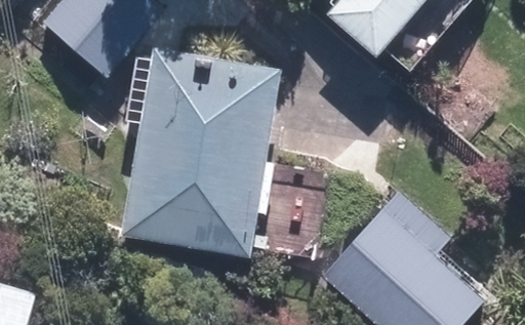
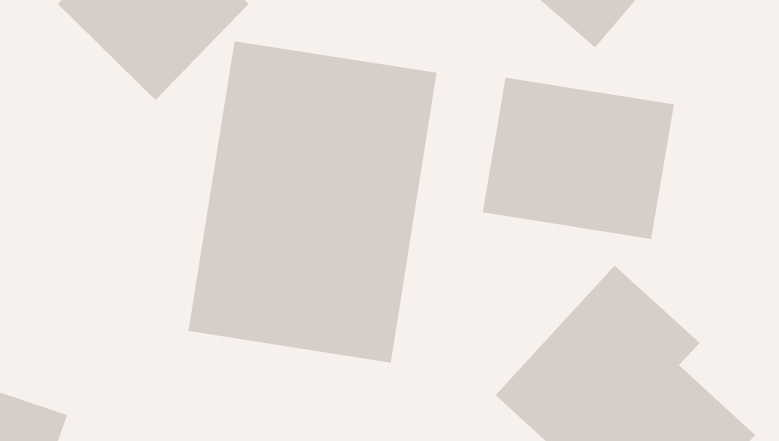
building: none -> [482,77,675,240]

